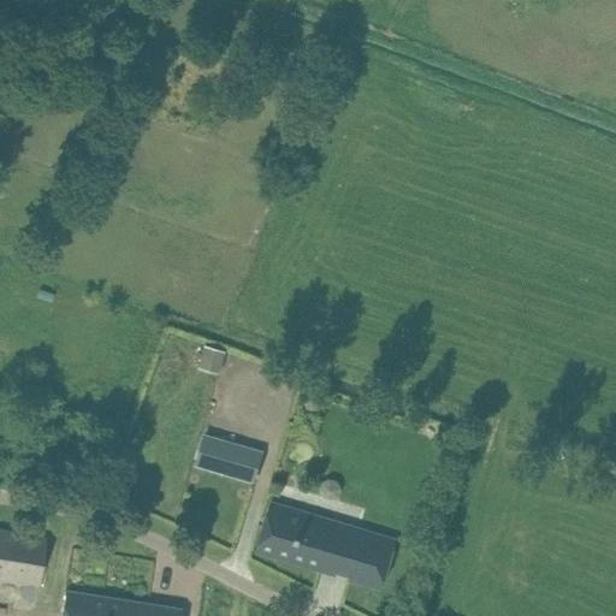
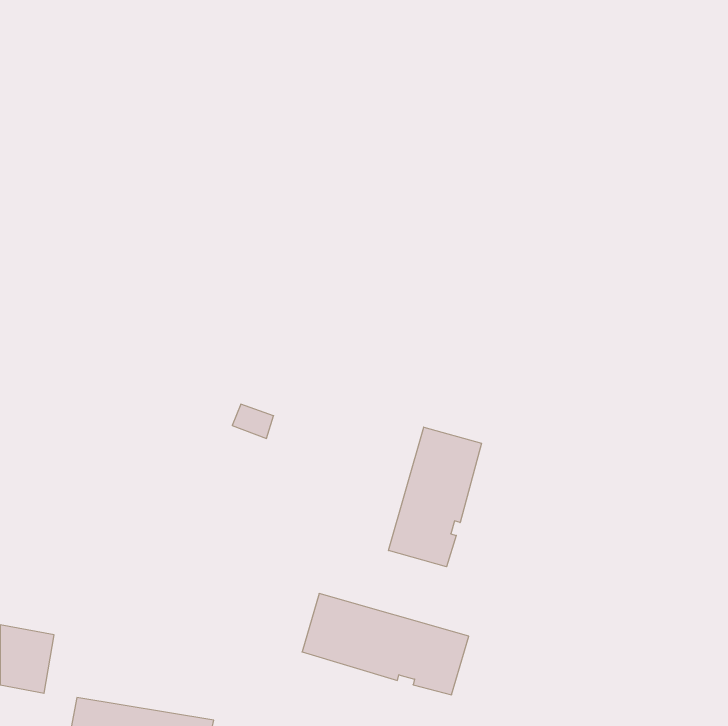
building: none -> [389,427,482,567]
building: [195,437,261,482] -> none

